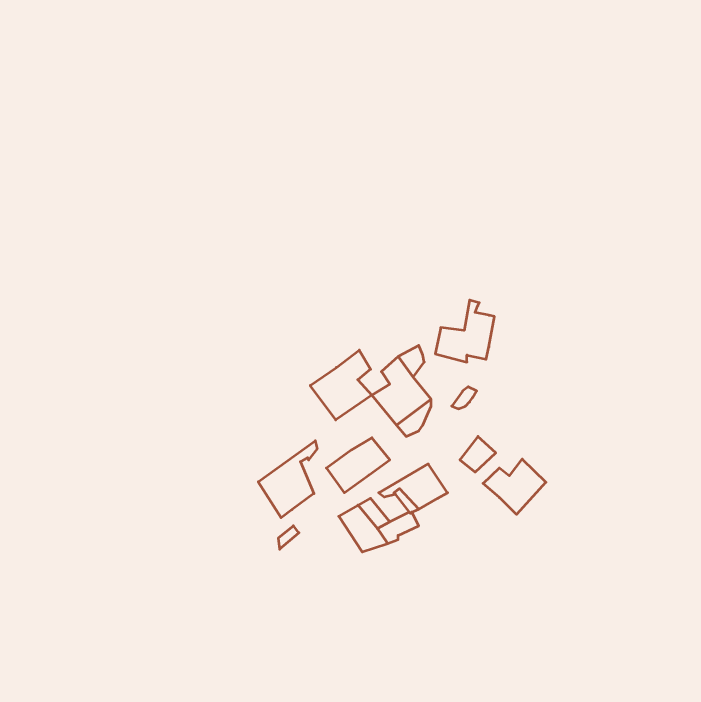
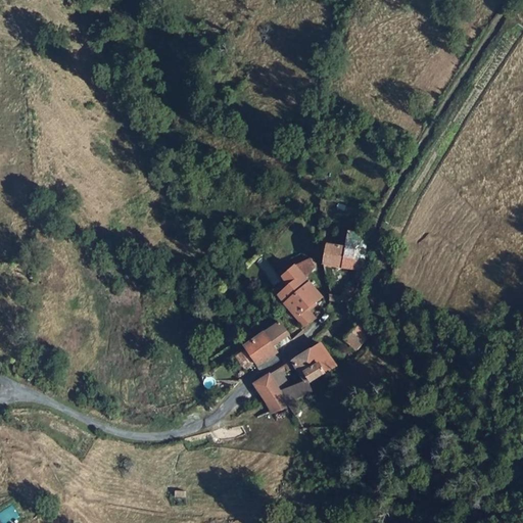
building: [310,350,372,420] -> none
building: [258,441,317,518] -> none
building: [483,459,546,514] -> none

